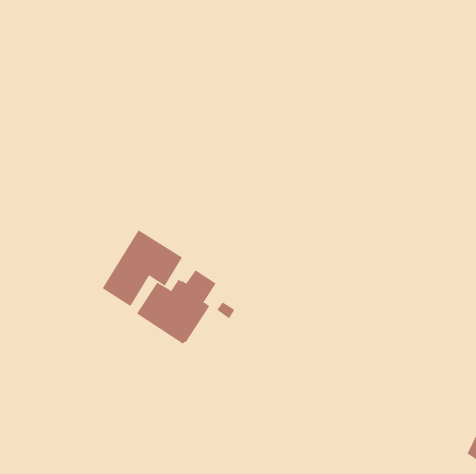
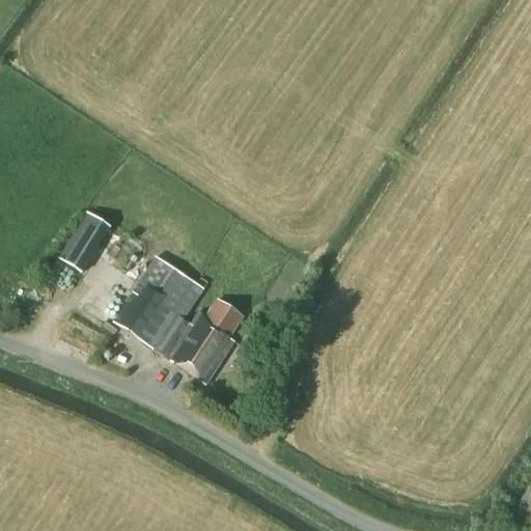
building: none -> [64,207,115,270]

